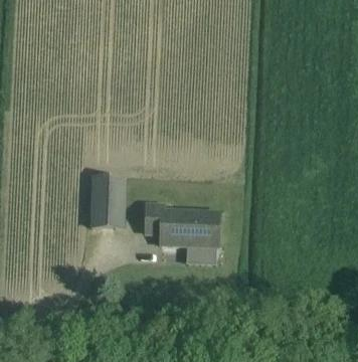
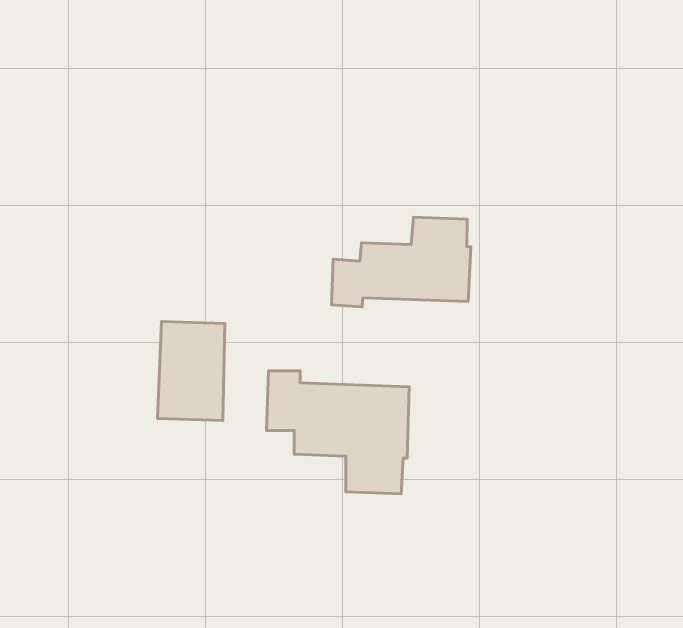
building: none -> [331,217,471,307]

